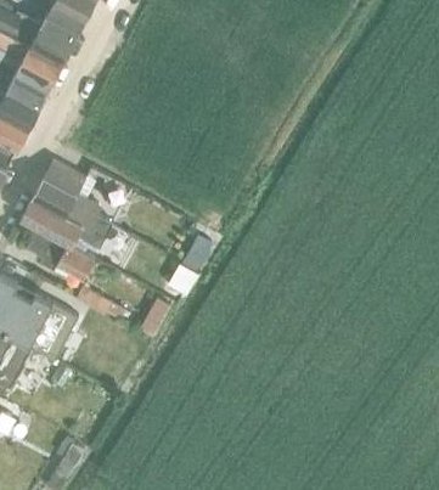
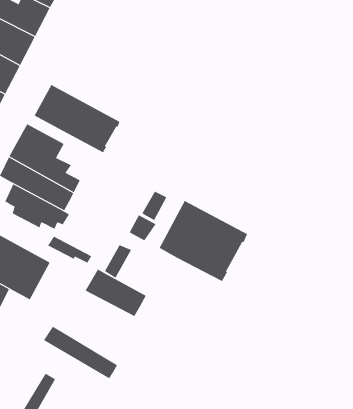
building: none -> [34,84,120,153]
building: none -> [159,200,248,282]
building: none -> [85,269,147,317]
building: none -> [43,326,118,379]

